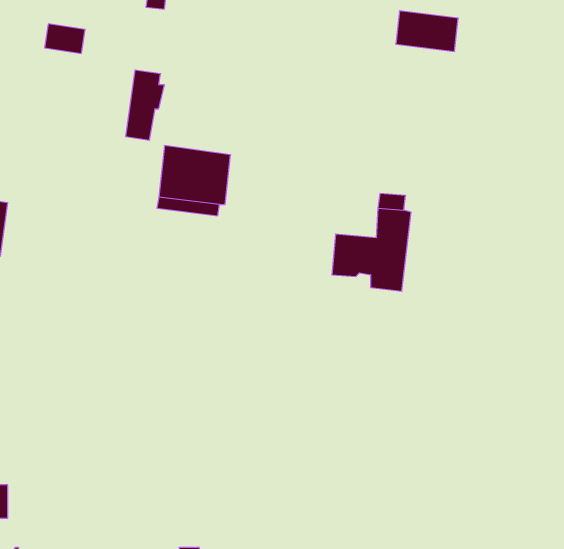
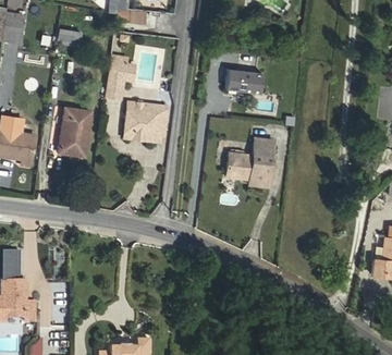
building: [396,11,458,51] -> [225,69,262,93]
building: none -> [59,107,91,156]

